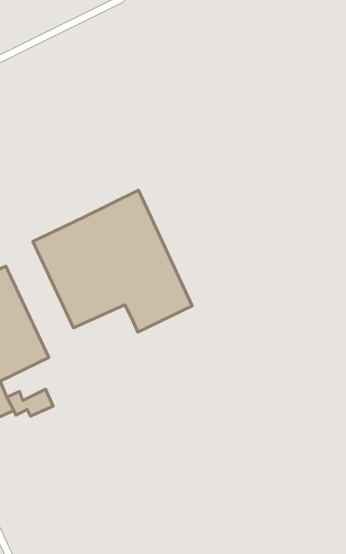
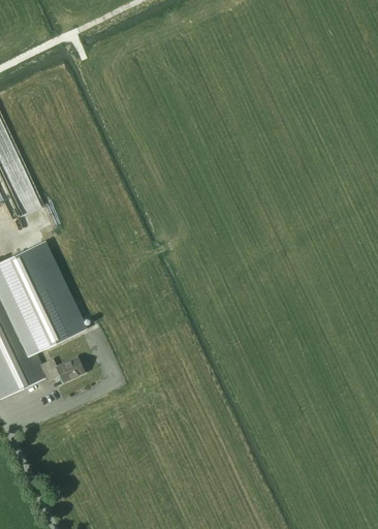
building: [33,190,192,332] -> none

